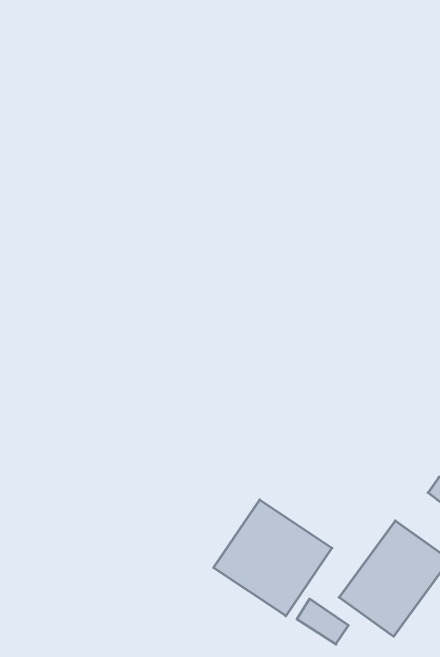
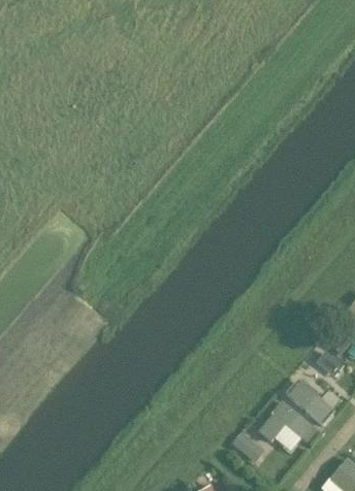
building: [214,500,332,616] -> none

